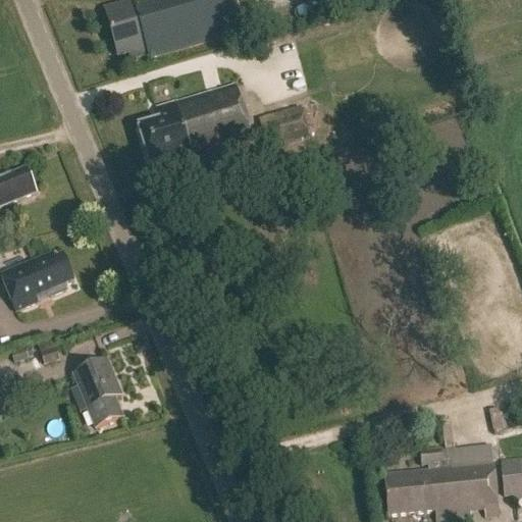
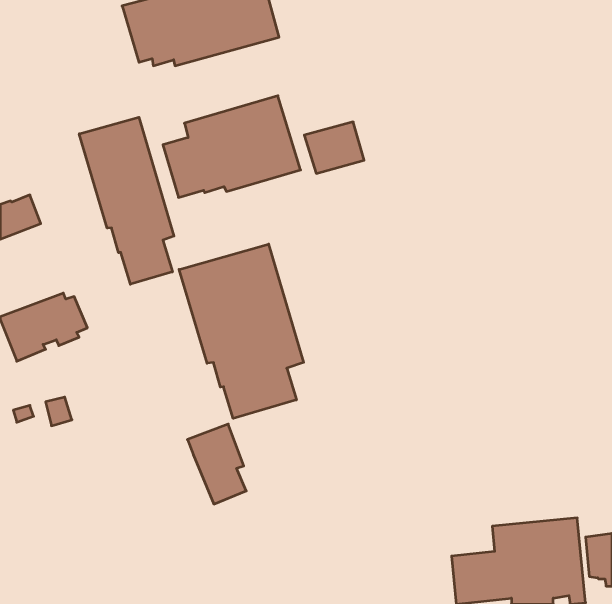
building: none -> [79,117,174,284]
building: none -> [179,244,304,418]
building: [72,358,122,426] -> [187,424,246,504]

